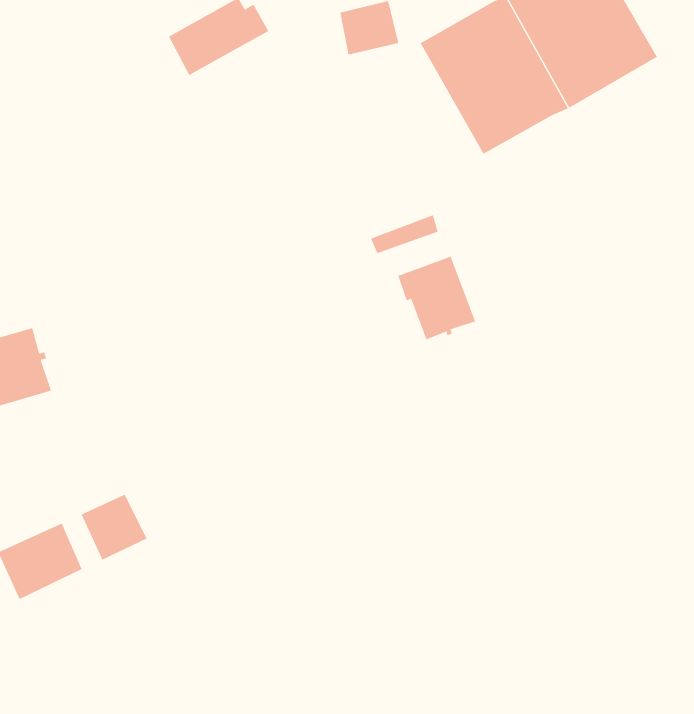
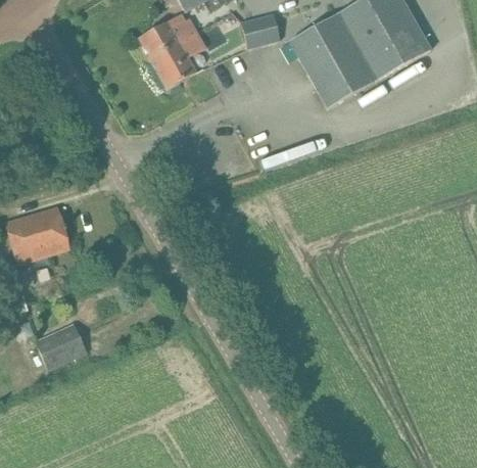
building: none -> [151,33,205,88]
building: [397,256,476,340] -> none
building: [81,494,147,560] -> none

